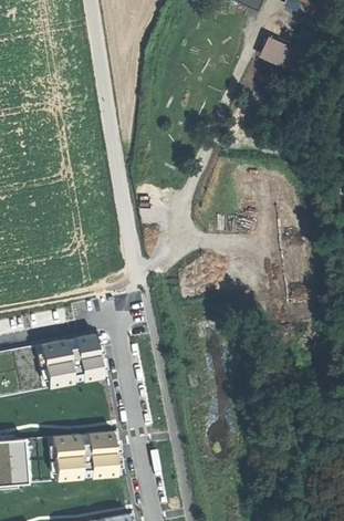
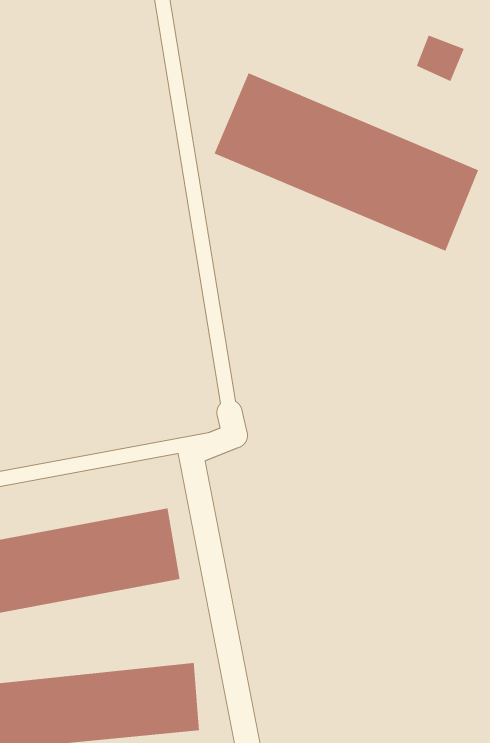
building: none -> [213,72,479,252]

